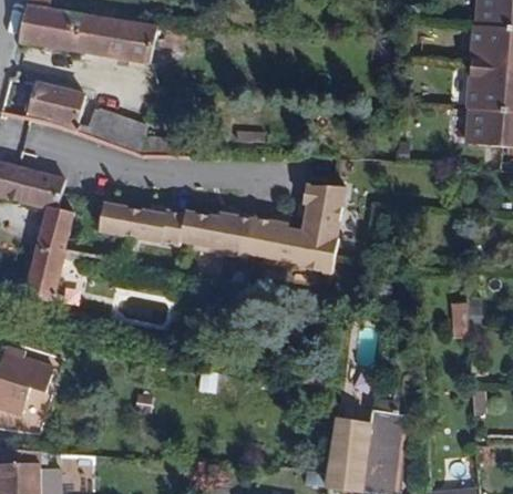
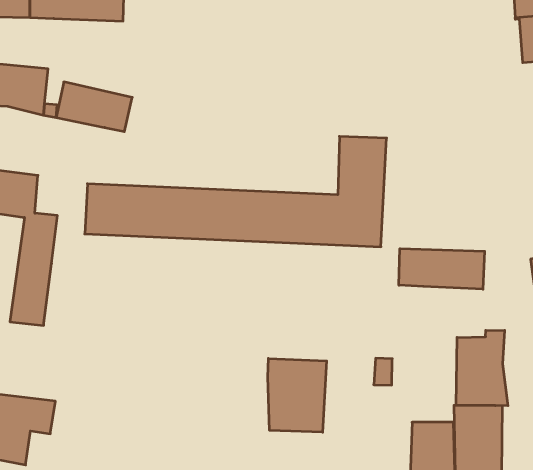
building: none -> [399,249,485,289]
building: none -> [268,358,327,432]
building: none -> [456,330,508,406]

